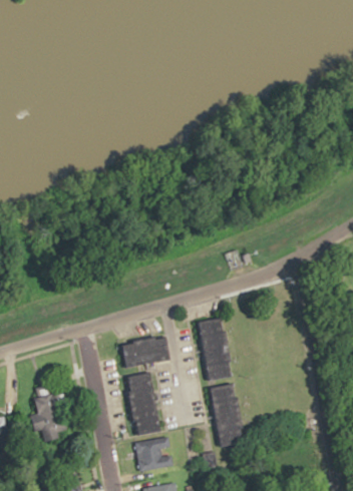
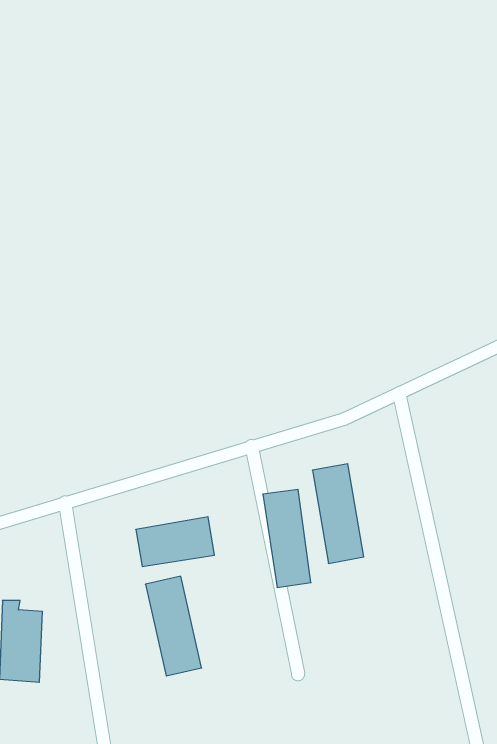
building: [211,385,243,447] -> [312,464,364,563]
building: [131,438,171,472] -> none

